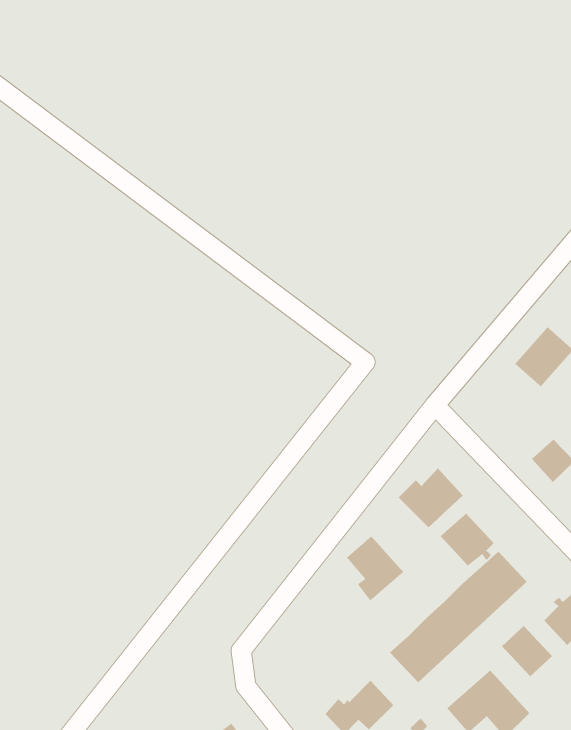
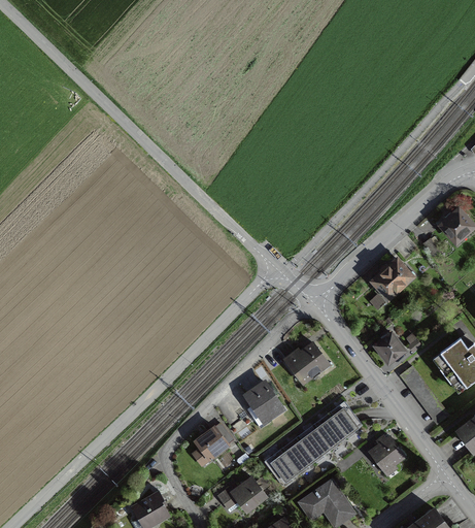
building: [440,513,494,566] -> none
building: none -> [194,427,227,465]
building: [501,625,553,677] -> none

